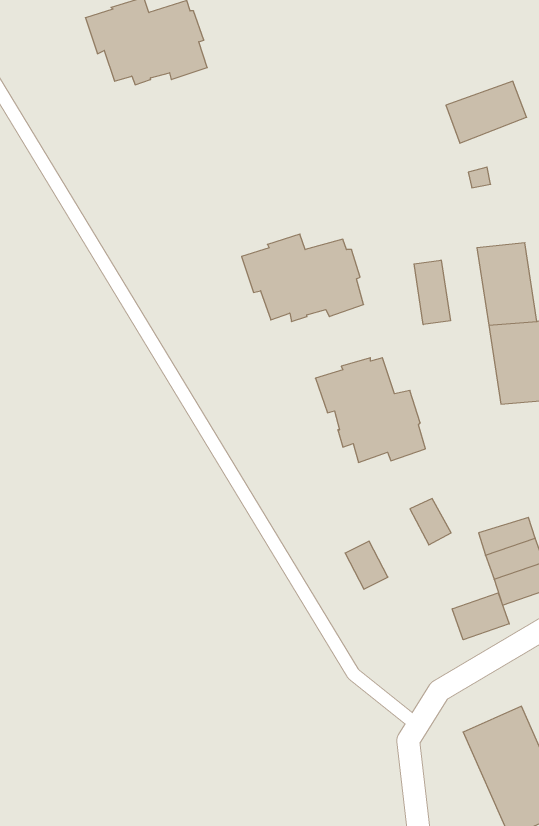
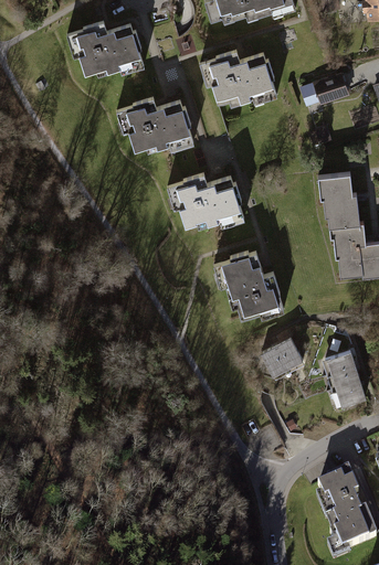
building: none -> [201,47,280,103]
building: none -> [117,95,196,151]
building: [414,260,450,325] -> none
building: [345,541,388,589] -> [261,348,288,379]
building: [452,593,509,640] -> none

